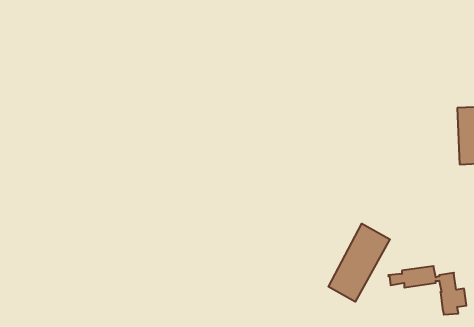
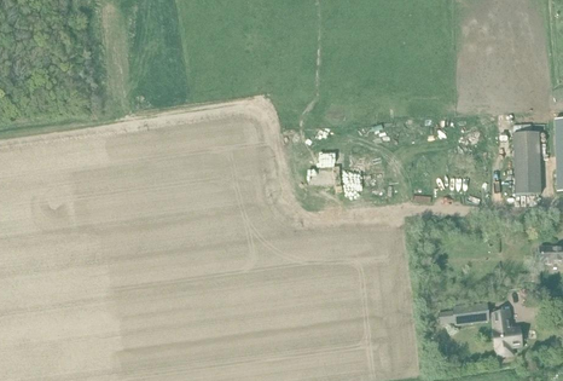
building: [328,224,390,302] -> none

